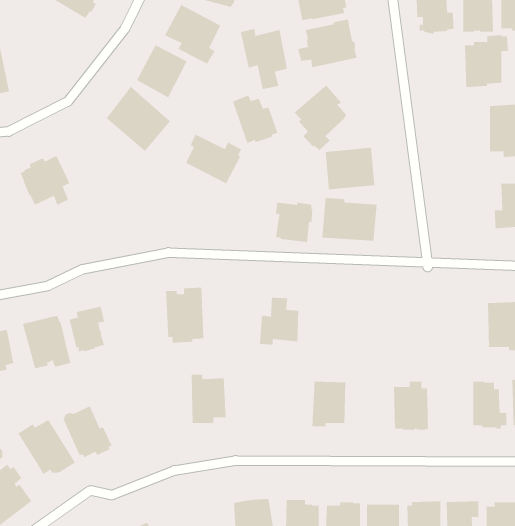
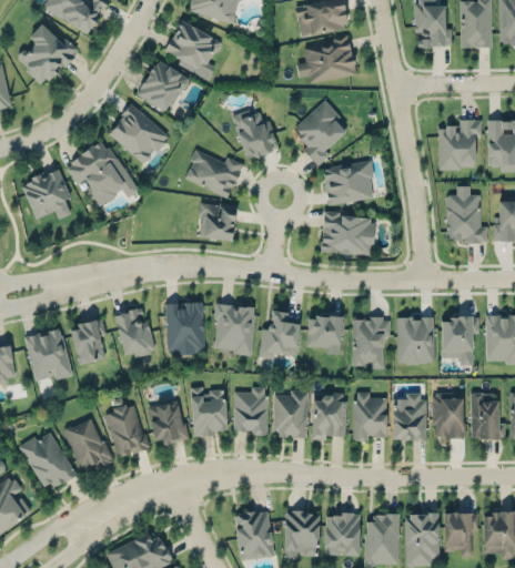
building: none -> [18,26,77,84]
building: [240,28,287,90] -> none
building: [464,35,509,87] -> [437,119,482,171]
building: none -> [67,142,139,206]
building: none -> [446,192,487,244]
building: [275,202,313,242] -> [199,202,236,242]
building: none -> [212,303,257,357]
building: none -> [114,307,154,357]
building: none -> [396,316,435,366]
building: none -> [441,316,479,366]
building: none -> [305,317,345,355]
building: none -> [353,317,390,368]
building: none -> [233,386,267,436]
building: none -> [273,390,309,439]
building: none -> [352,392,387,443]
building: none -> [432,394,466,443]
building: none -> [147,399,190,448]
building: none -> [104,404,150,457]

